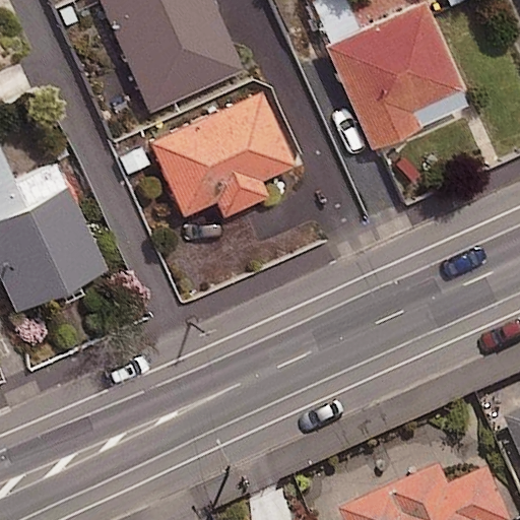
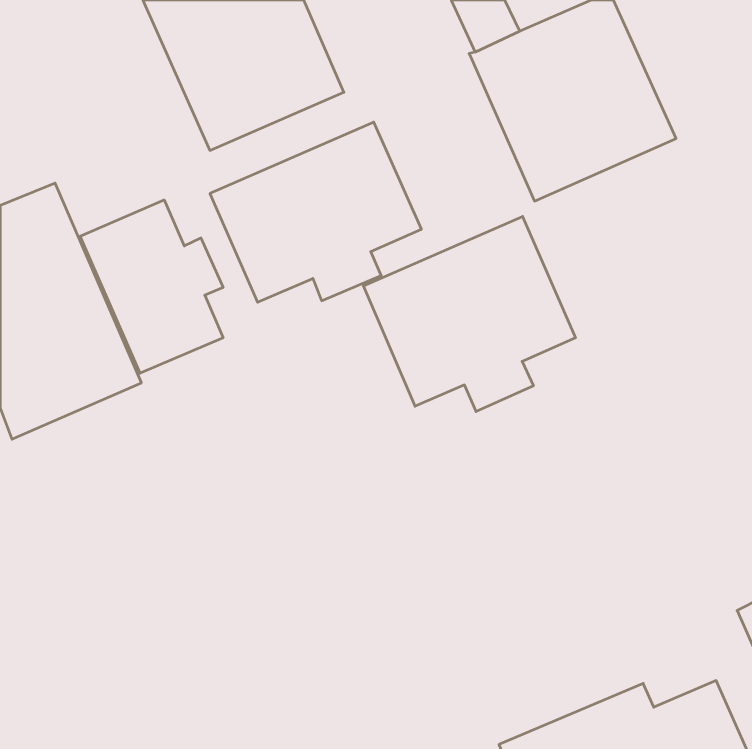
building: none -> [80,200,223,373]
building: none -> [363,216,575,412]

